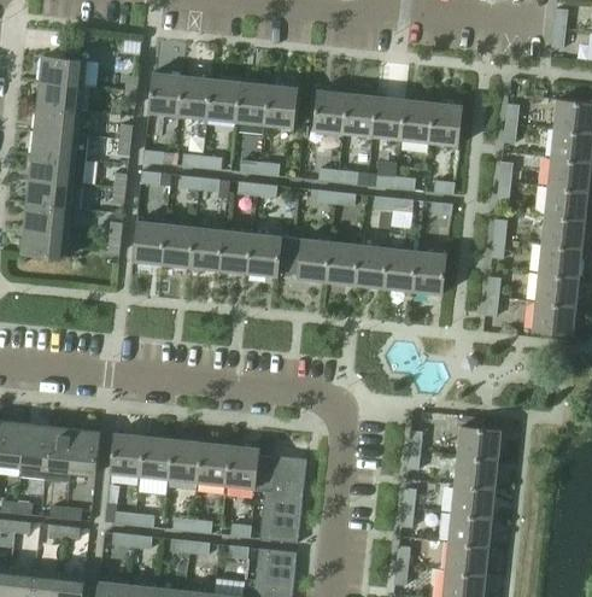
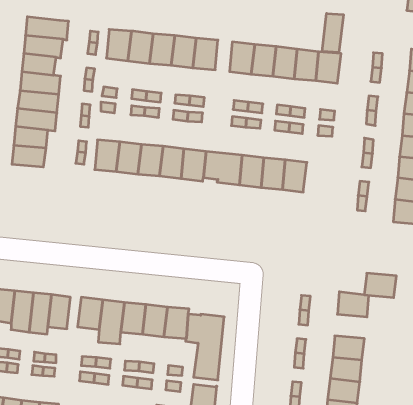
building: none -> [322,13,343,53]
building: [411,251,446,293] -> none
building: [453,455,497,487] -> [364,273,396,298]

